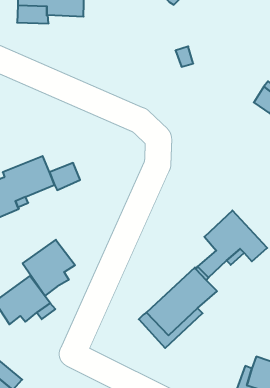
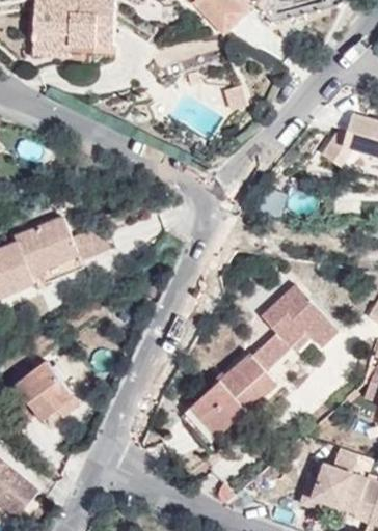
building: [23,240,75,296] -> none

